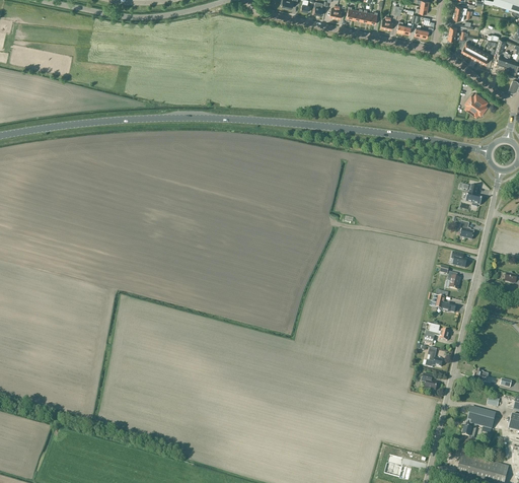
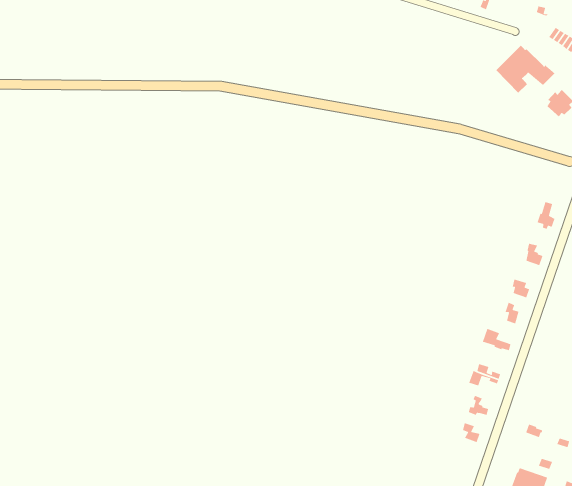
building: none -> [495,45,555,93]

